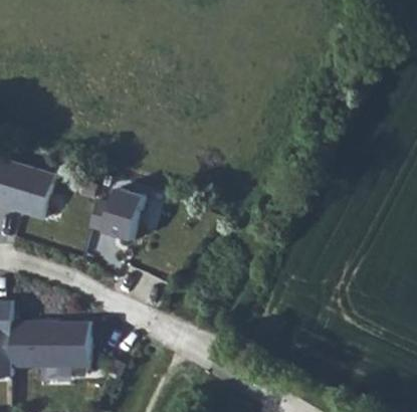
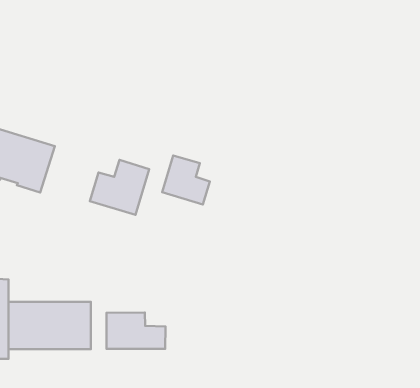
building: none -> [162,155,210,204]
building: none -> [106,313,165,349]

